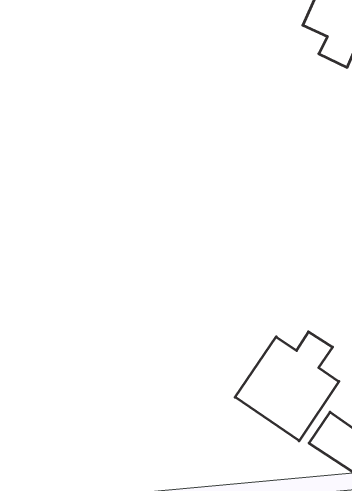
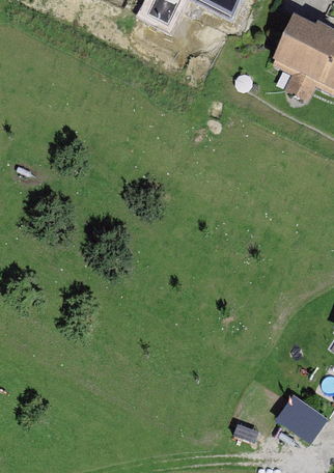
building: [235,332,339,441] -> none

